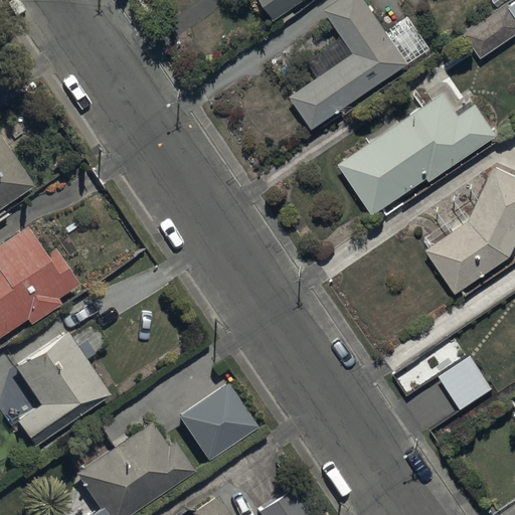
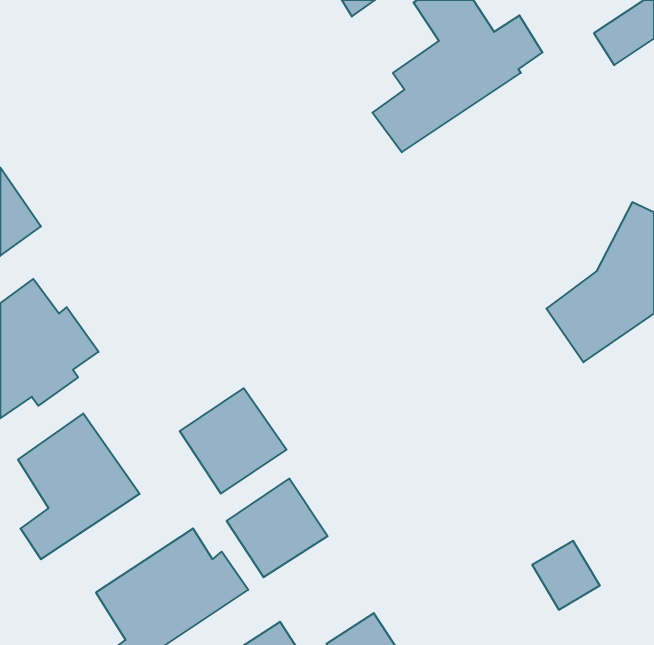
building: [341,97,498,212] -> none
building: none -> [180,388,287,494]
building: [440,357,493,411] -> [532,541,600,610]

